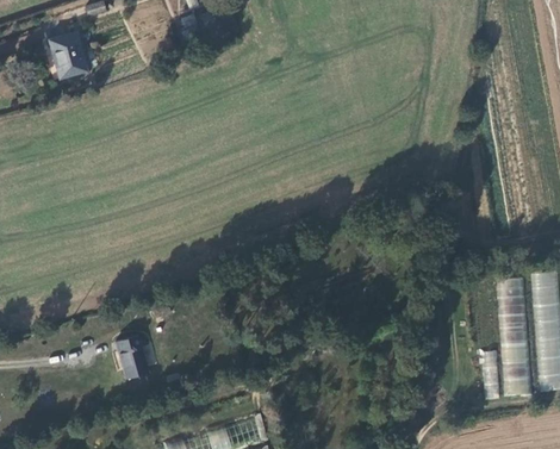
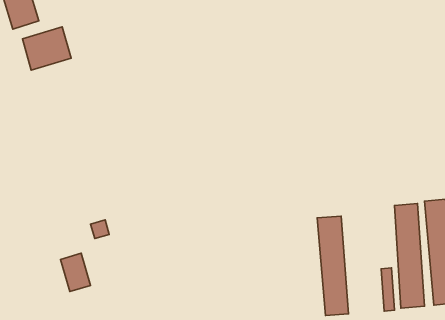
building: none -> [22,27,71,70]
building: none -> [317,216,348,315]

